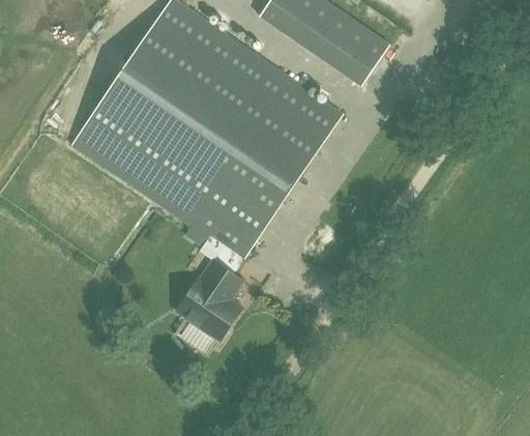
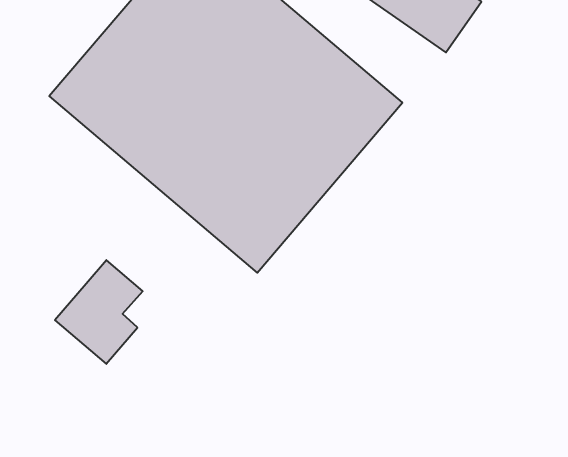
building: [176,262,240,341] -> [55,260,143,364]

